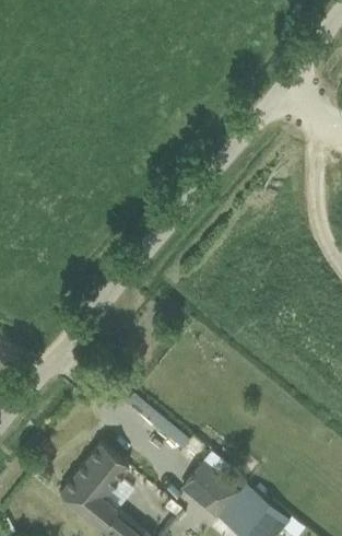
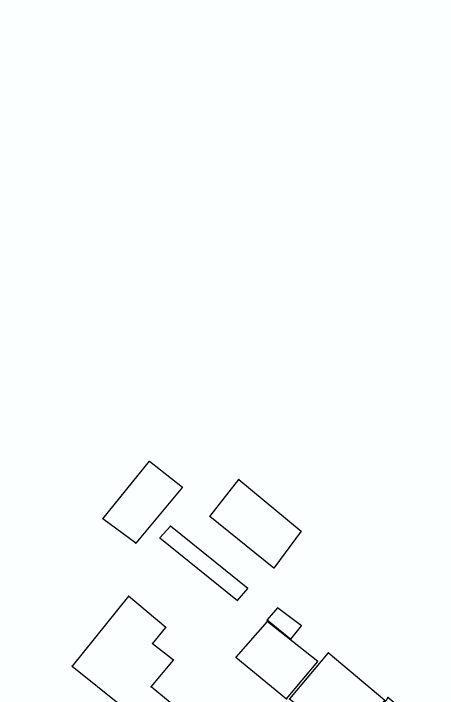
building: none -> [103,461,182,543]
building: none -> [210,479,301,568]

